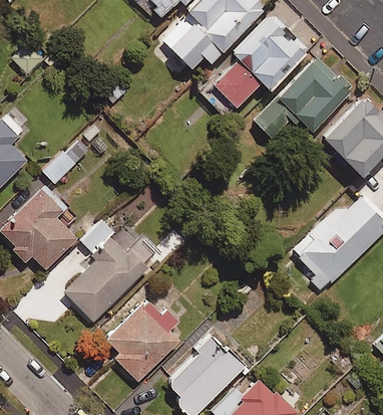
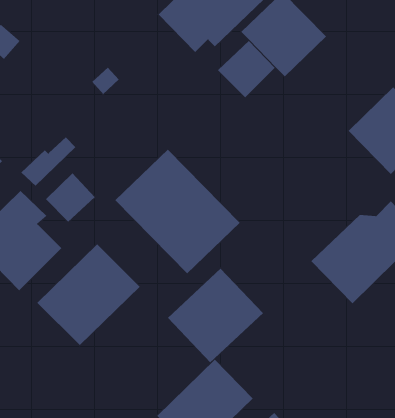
building: [254,58,351,139] -> none
building: none -> [115,149,241,274]
building: none -> [45,173,95,223]
building: [102,296,185,379] -> [167,268,264,363]

